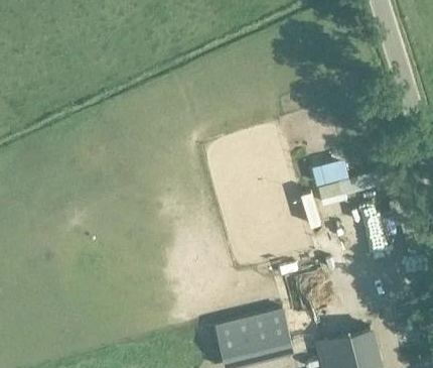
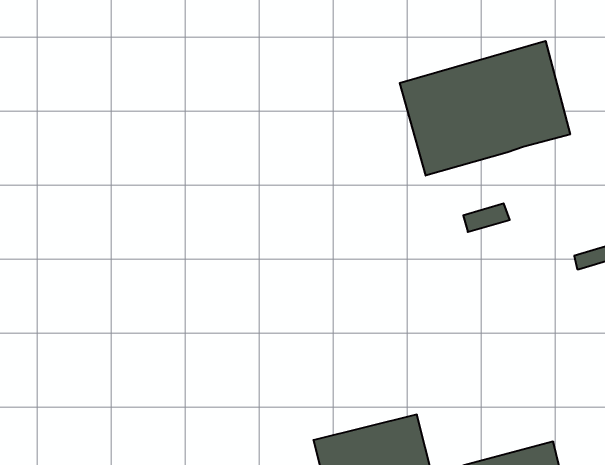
building: none -> [400,41,570,176]

